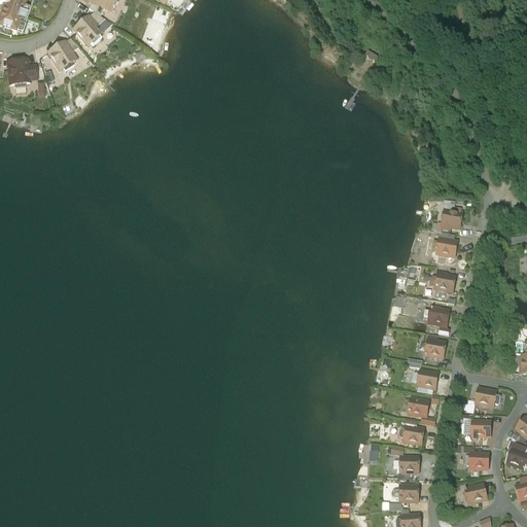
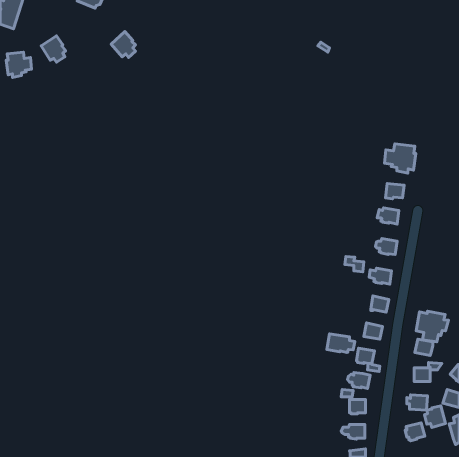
building: [73,15,101,45] -> [111,31,136,58]
building: none -> [385,144,416,173]
building: none -> [416,311,448,342]
building: none -> [327,334,355,353]
building: none -> [424,406,445,427]

